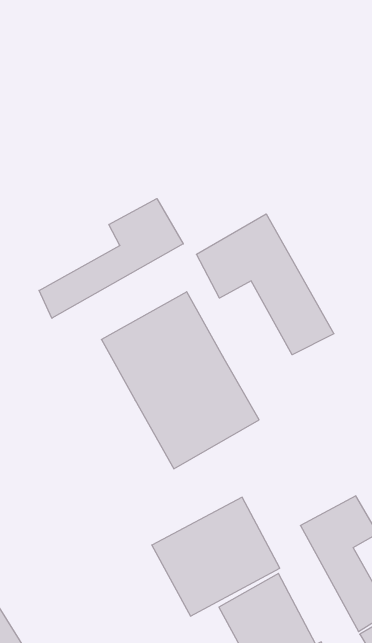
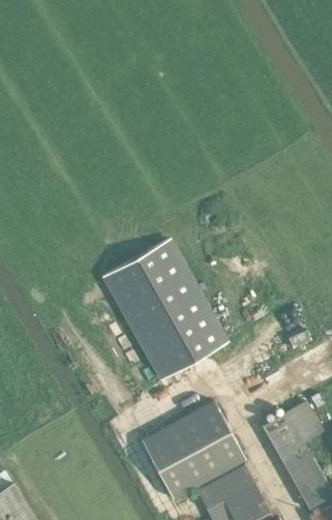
building: [39,199,183,318] -> none
building: [196,214,334,355] -> none

